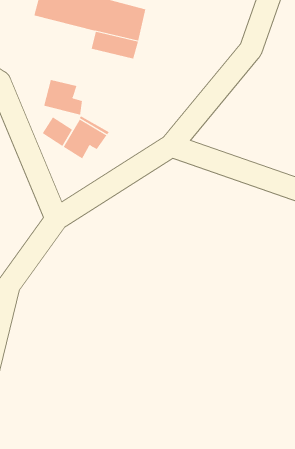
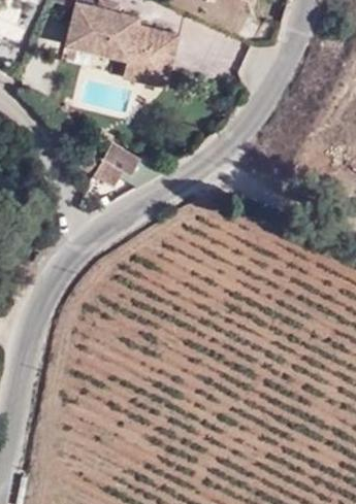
building: [43,79,83,116] -> none

